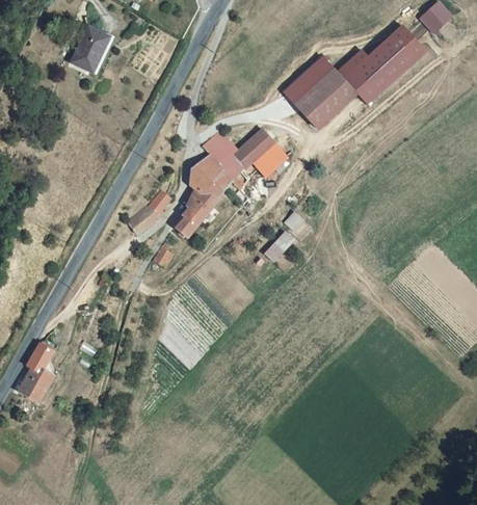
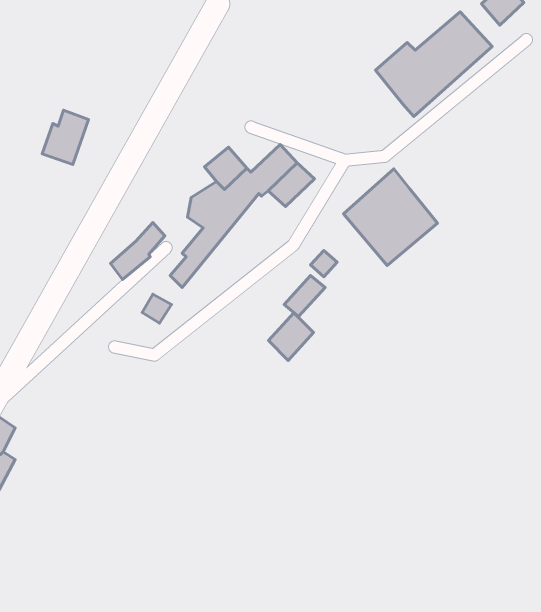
building: [75,32,111,75] -> [42,110,89,165]
building: [284,54,357,130] -> [343,169,437,265]
building: none -> [269,313,314,360]

